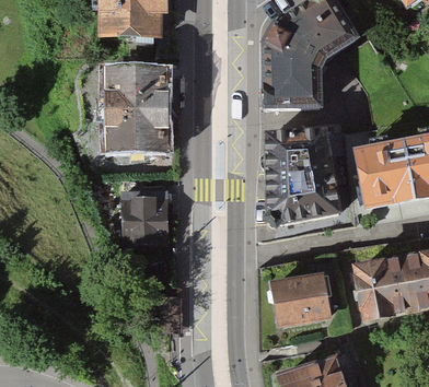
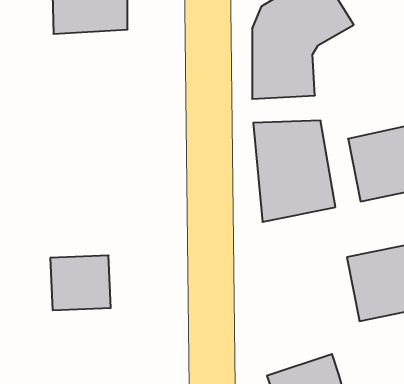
building: [83,73,159,160] -> none
building: [117,194,175,246] -> [50,255,111,310]
building: [274,269,337,326] -> none

